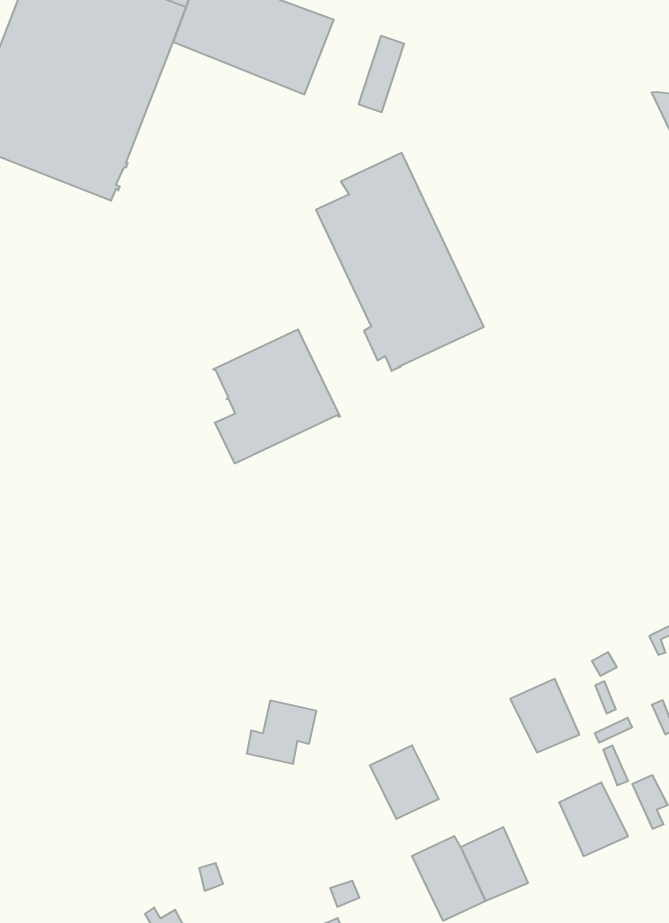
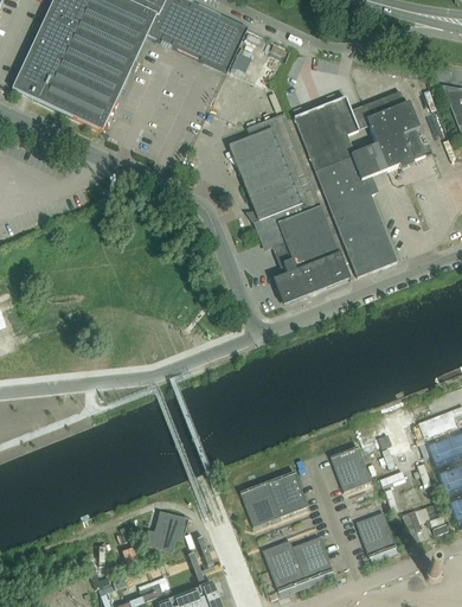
building: none -> [294,89,425,275]
building: [213,330,340,463] -> [272,223,351,304]
building: [247,701,316,764] -> [143,512,188,552]
building: none -> [267,469,308,515]

